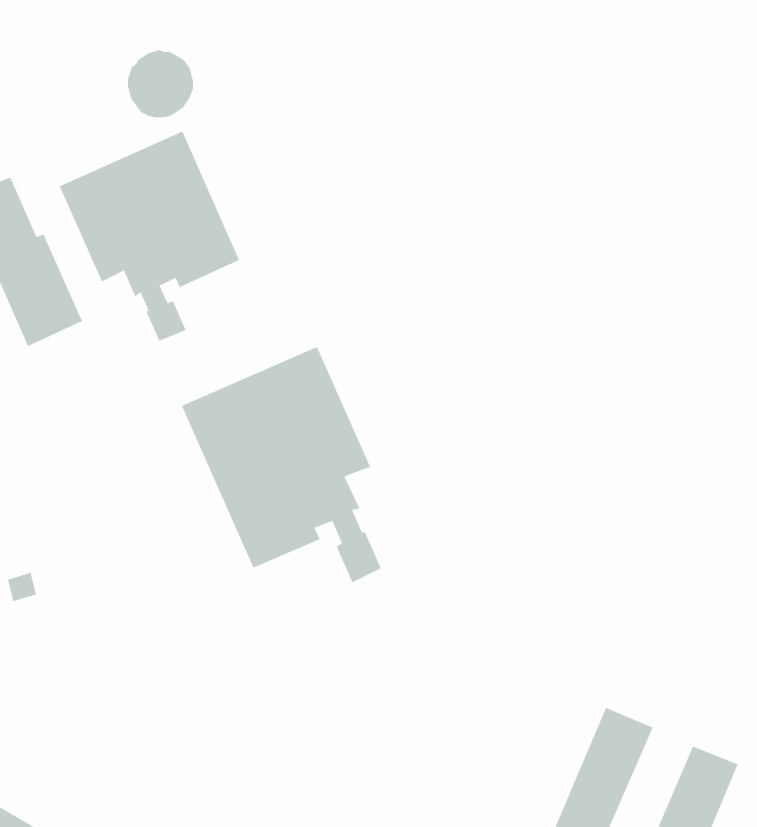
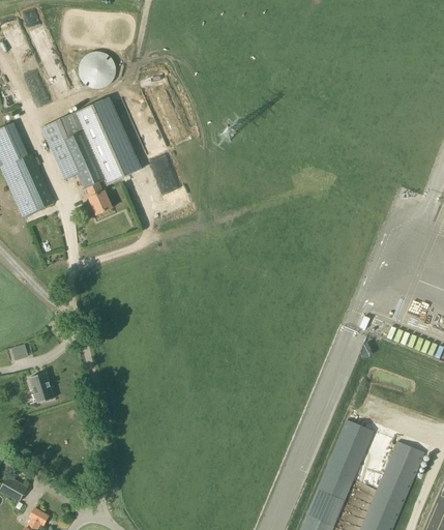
building: [181,346,382,583] -> none
building: none -> [27,373,54,403]

